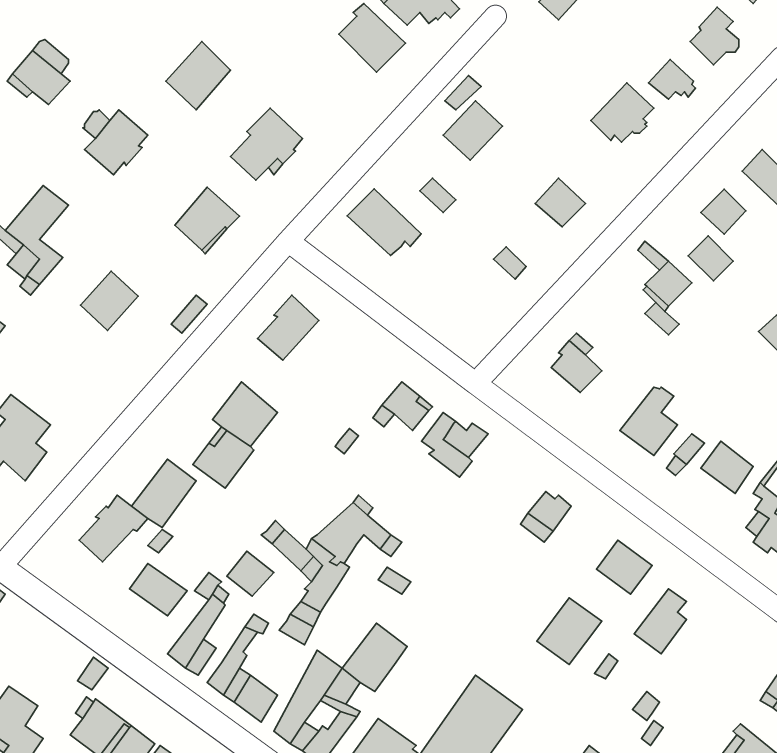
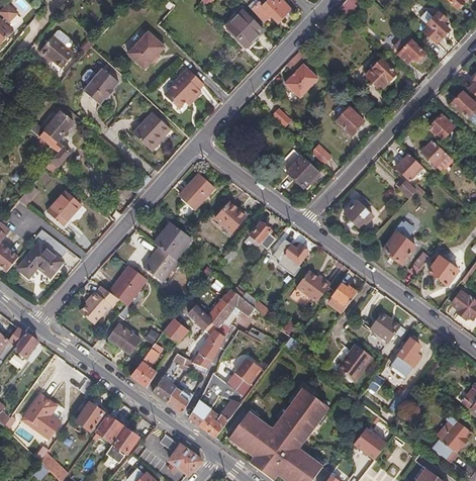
building: [347,189,421,256] -> [279,150,320,187]
building: [81,271,138,331] -> [49,191,81,224]
building: none -> [215,202,246,232]
building: none -> [296,270,328,302]

